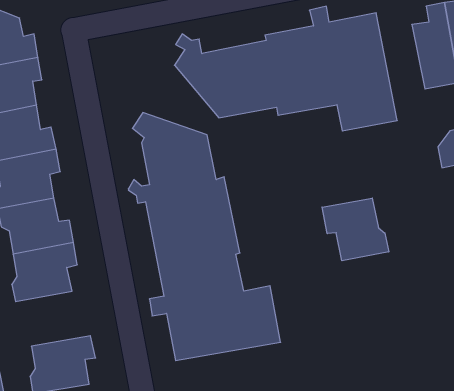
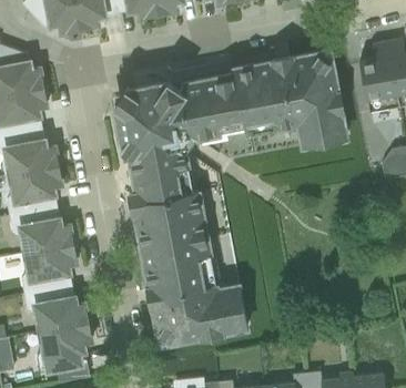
building: none -> [114,81,196,153]
building: [322,198,389,261] -> none
building: none -> [24,285,88,331]

